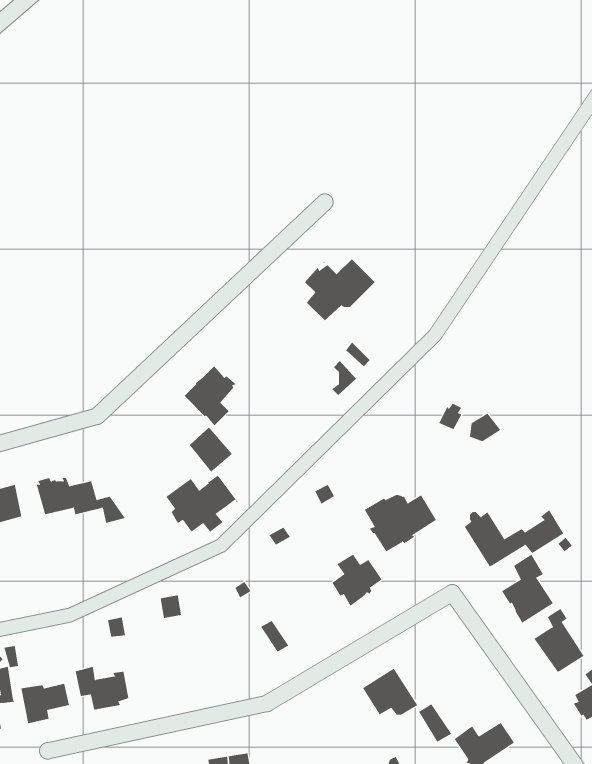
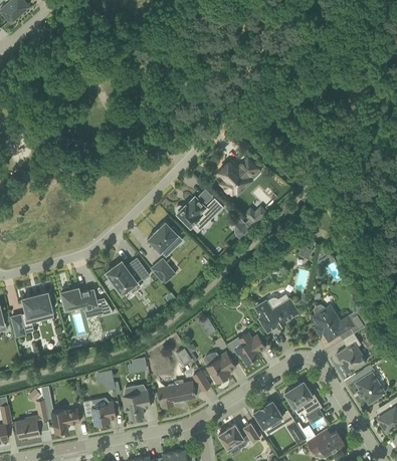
building: none -> [176,197,224,228]
building: [166,475,239,532] -> [107,259,150,293]
building: none -> [204,353,236,382]
building: none -> [284,381,323,423]
building: none -> [158,382,196,407]
building: none -> [123,386,151,418]
building: none -> [218,424,259,448]

